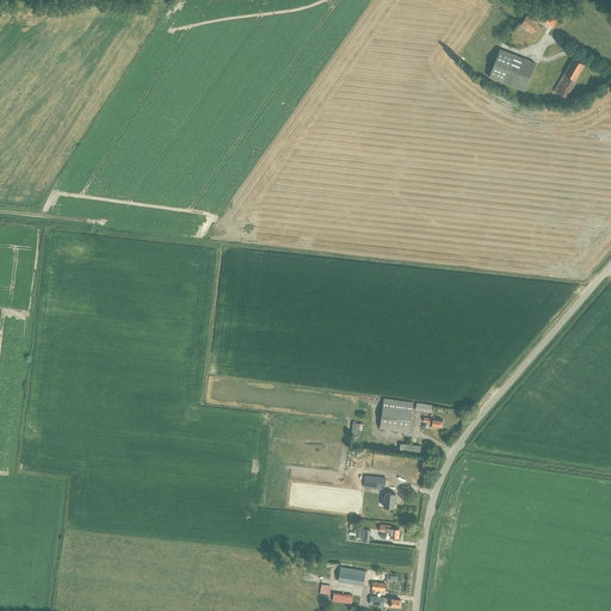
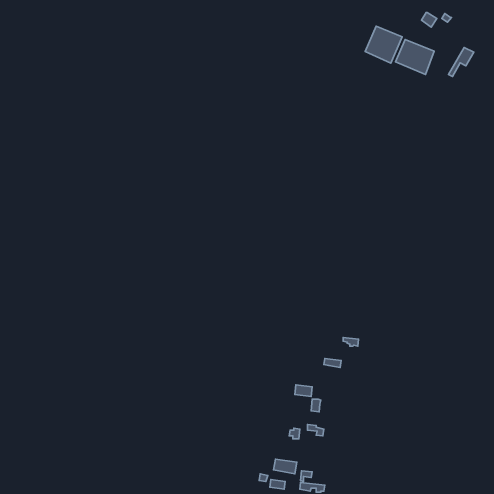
building: none -> [365,26,402,63]
building: [379,399,413,432] -> none

